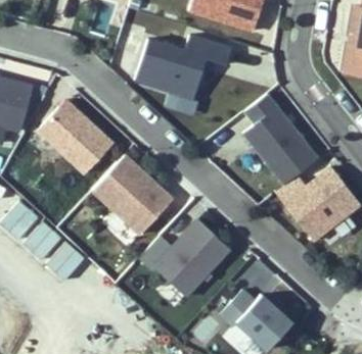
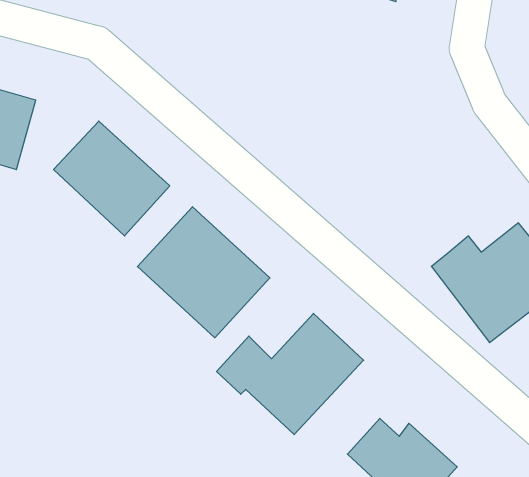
building: [134,32,235,97] -> none
building: [242,93,319,184] -> none

